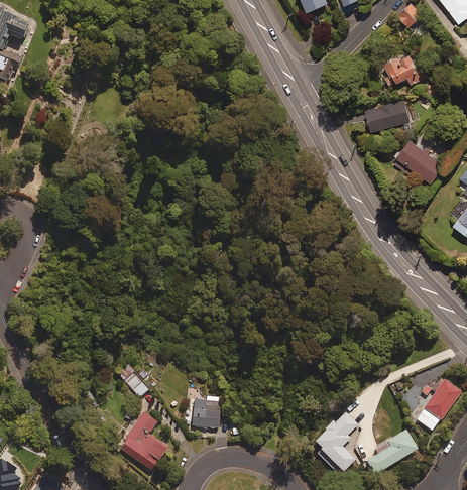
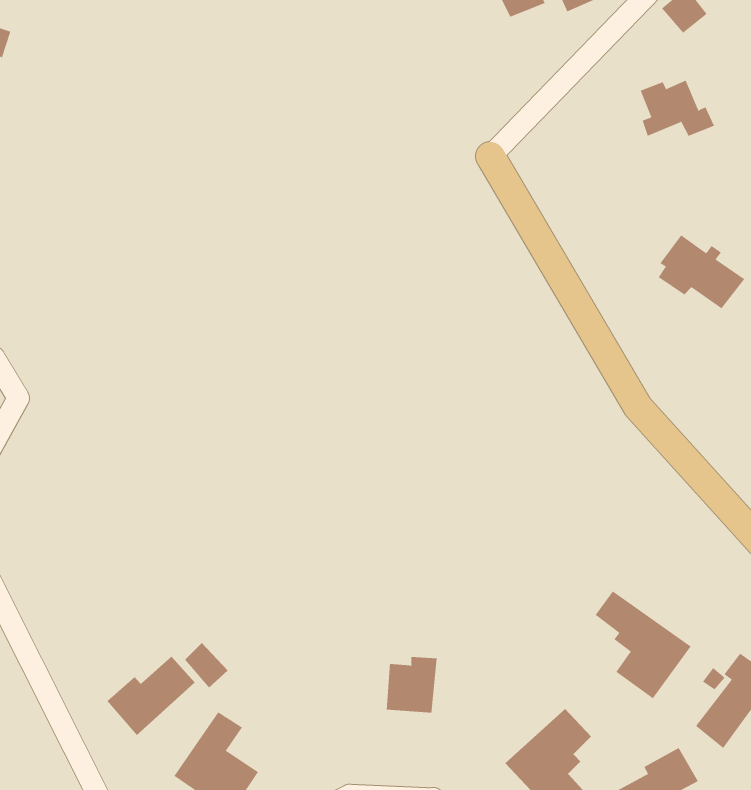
building: [366,99,410,130] -> none
building: none -> [595,590,691,699]
building: none -> [107,656,195,736]
building: [192,396,221,428] -> [386,656,437,713]

